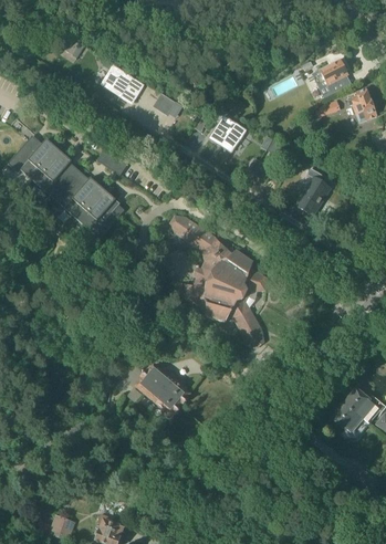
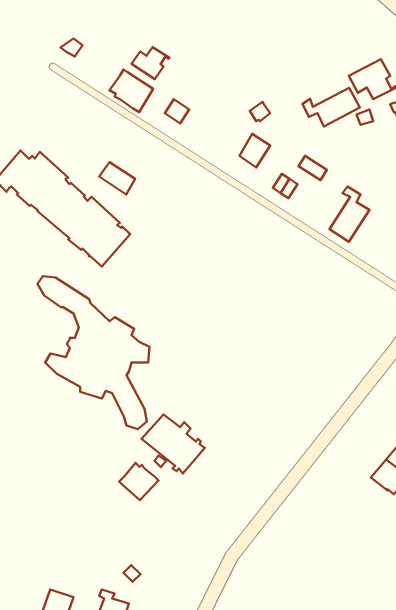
building: none -> [132,47,169,79]
building: none -> [303,88,360,126]
building: [169,216,265,347] -> [38,276,150,429]
building: none -> [119,463,158,500]

